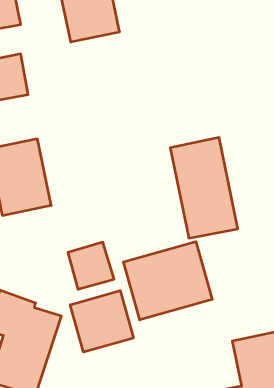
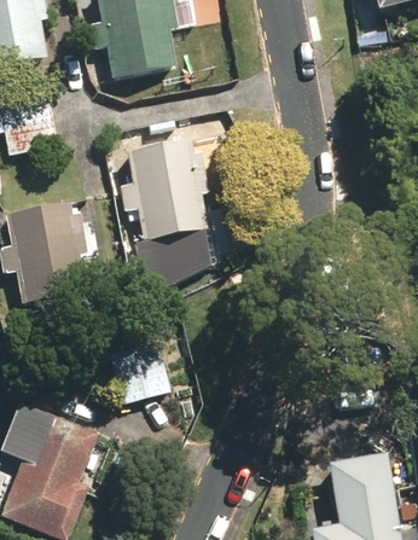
building: [170,138,238,238] -> [123,140,211,272]
building: [123,242,212,320] -> none
building: [70,291,133,352] -> none

